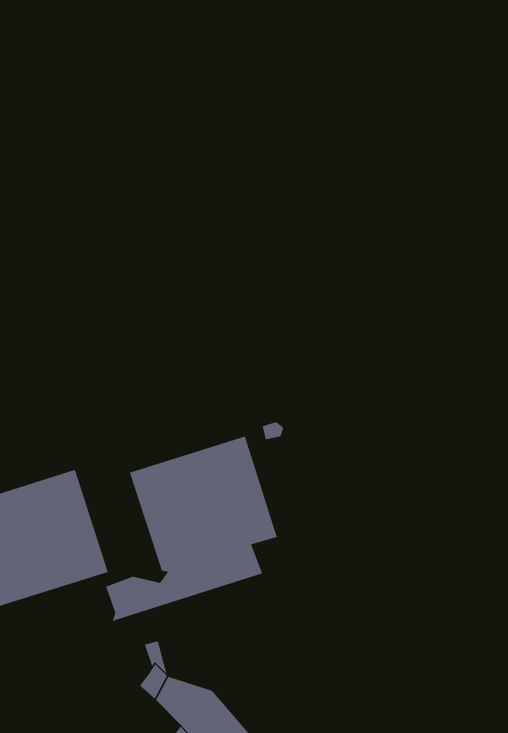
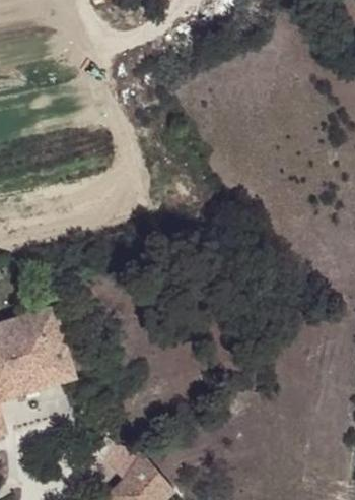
building: [105,435,278,622] -> none

